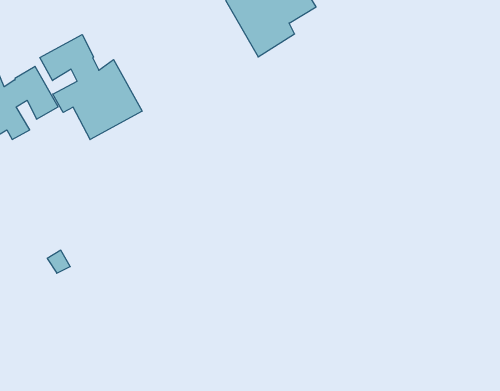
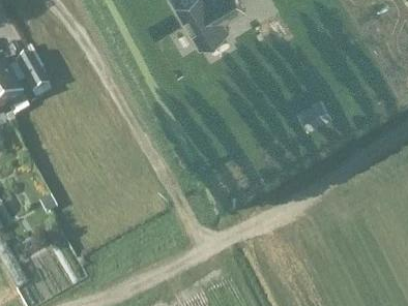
building: [40,35,142,140] -> none

